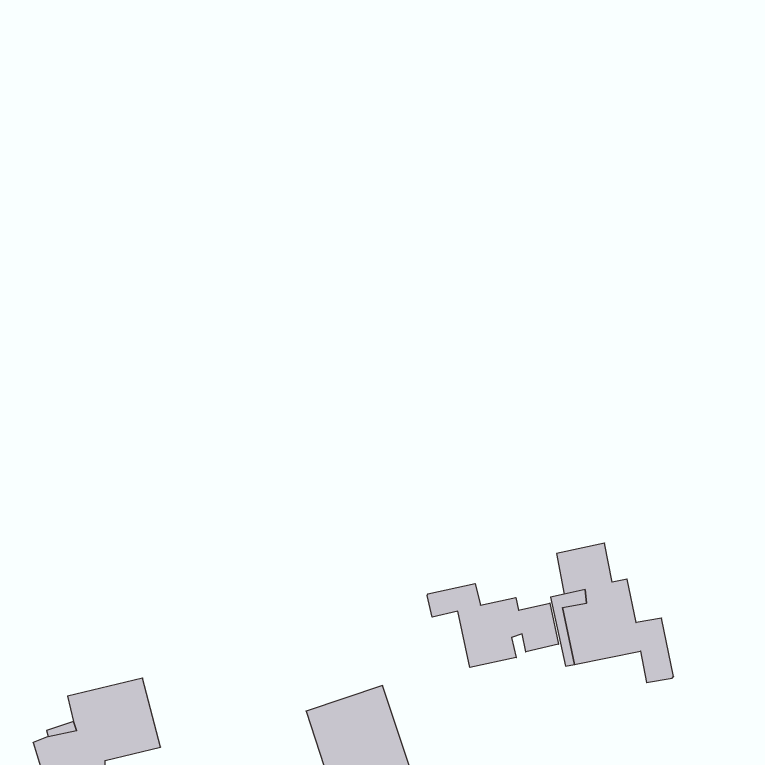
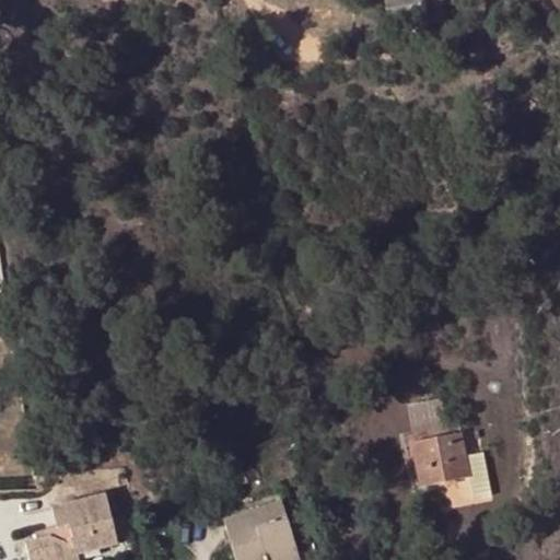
building: [427,584,558,667] -> none

